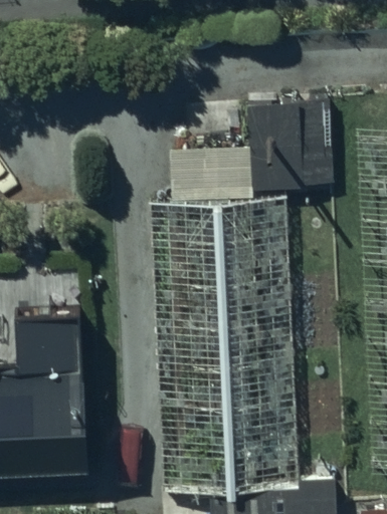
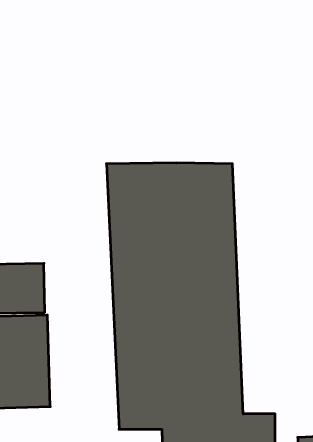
building: [200,103,332,196] -> none

